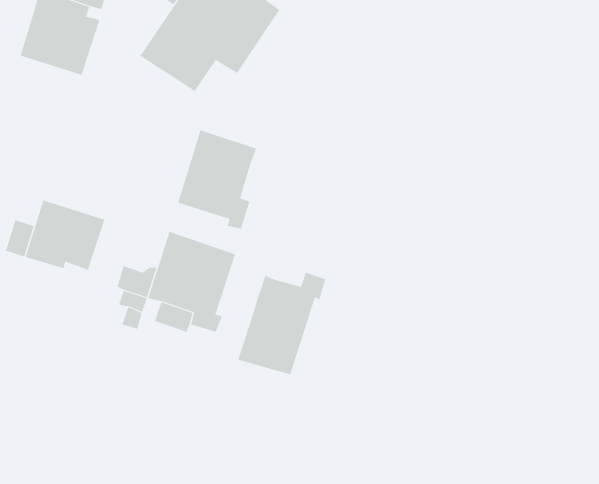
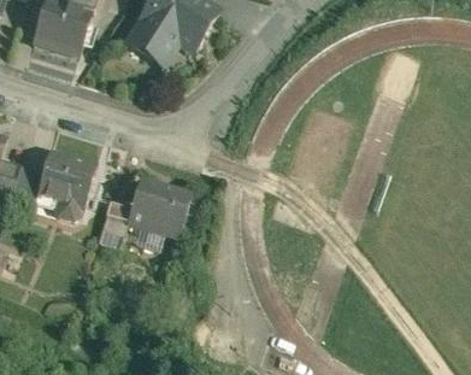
building: [178,130,257,230] -> none
building: [238,272,326,375] -> none

